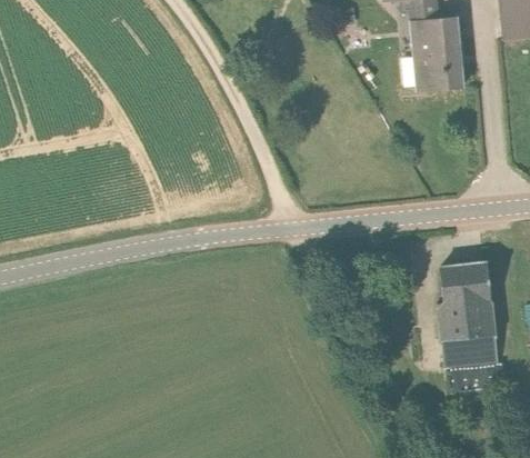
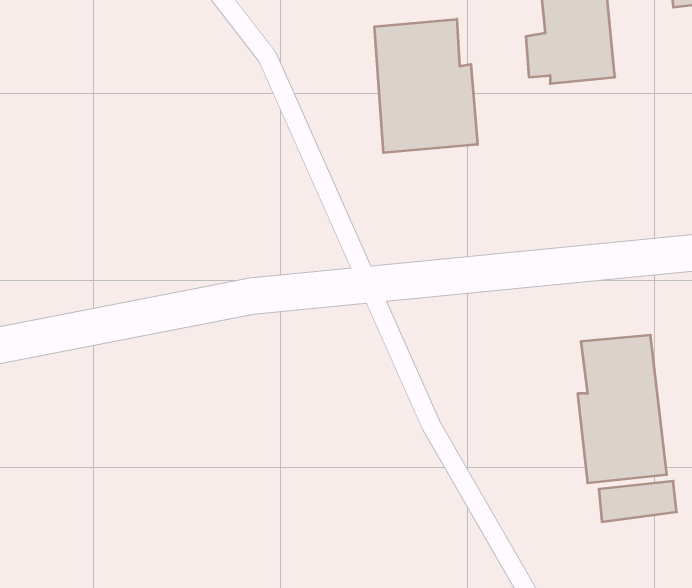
building: none -> [375,19,477,153]

